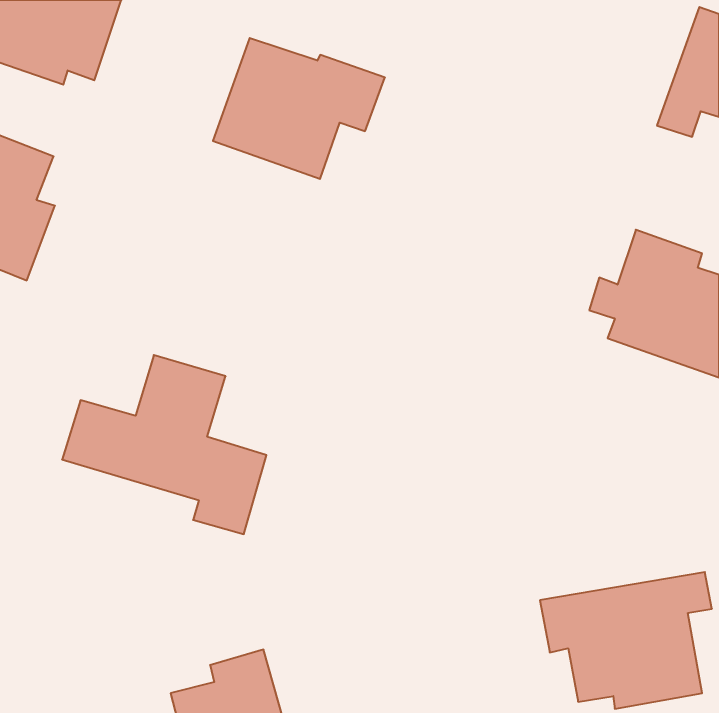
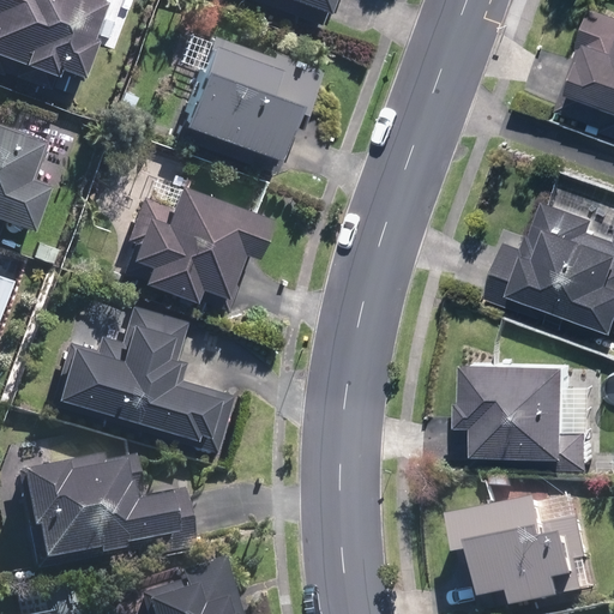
building: none -> [131,185,269,300]
building: none -> [465,360,590,475]
building: none -> [23,459,191,565]

